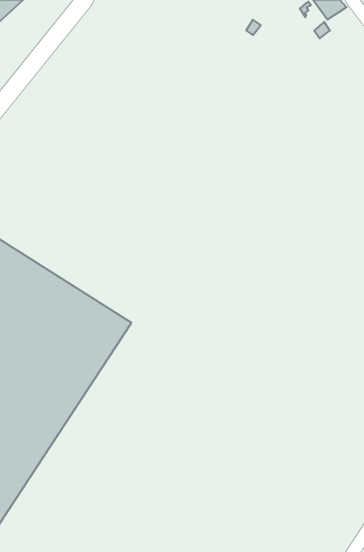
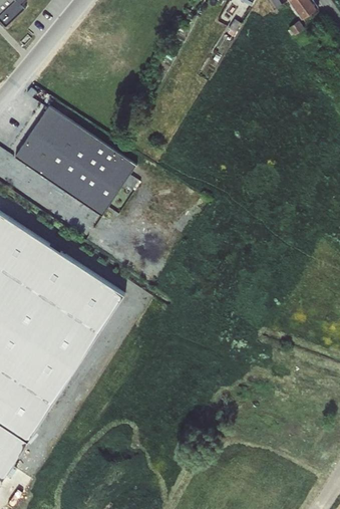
building: none -> [15,106,139,216]

